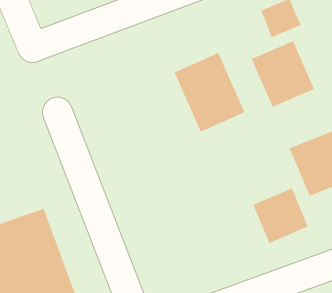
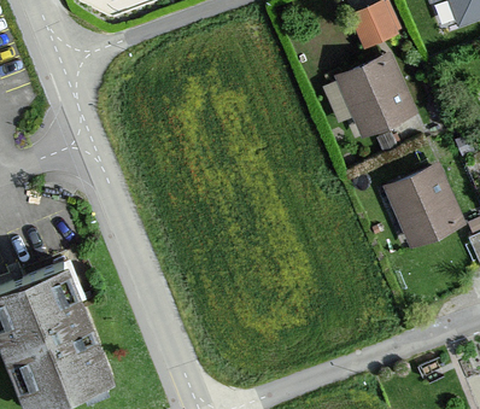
building: [174,52,245,133] -> none
building: [253,188,309,244] -> none

